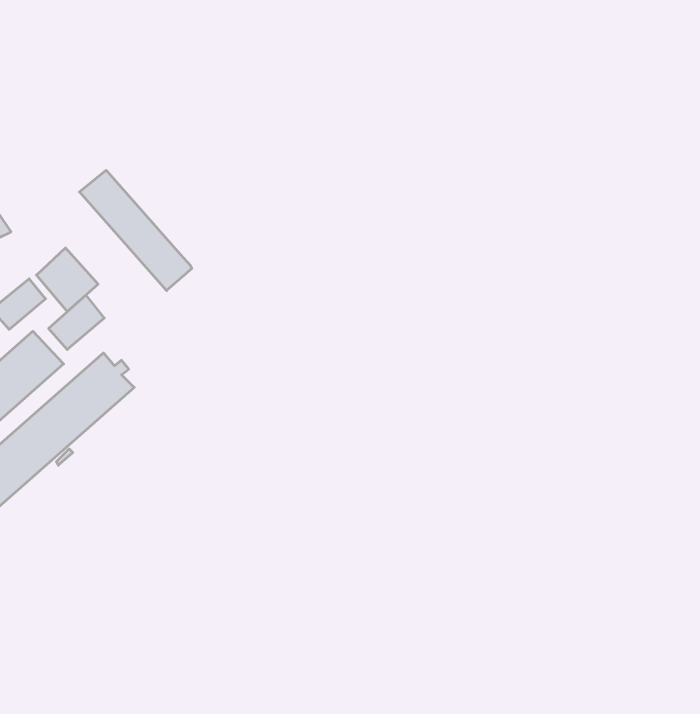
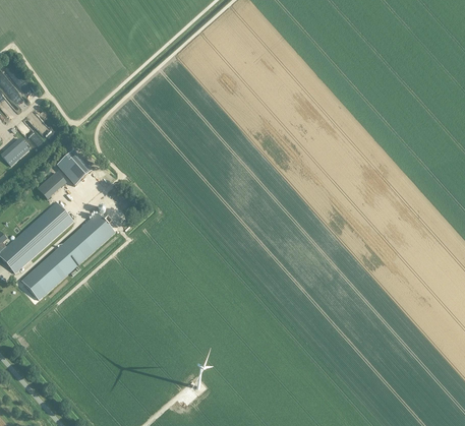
building: [79,170,192,291] -> none
building: [49,295,104,350] -> none

